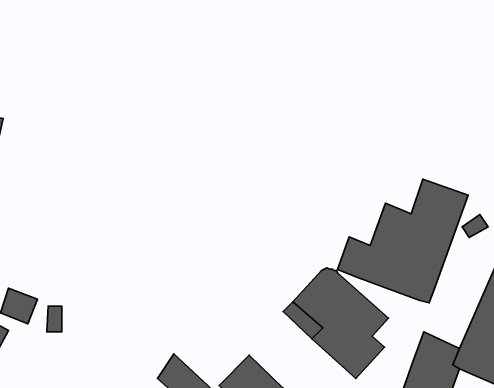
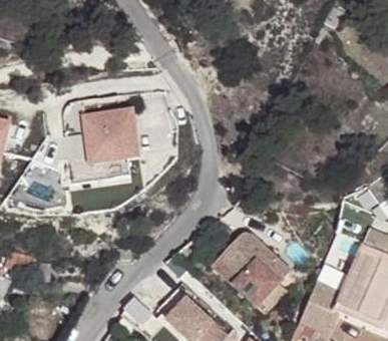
building: none -> [67,108,139,183]
building: [337,179,468,303] -> none

